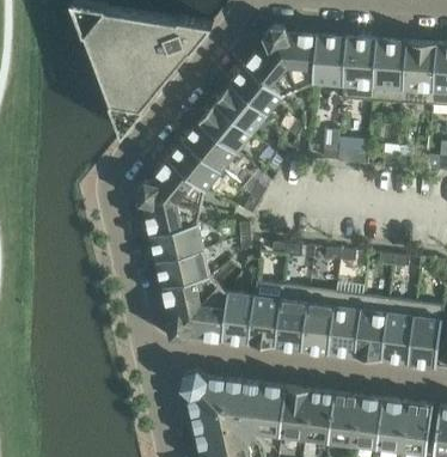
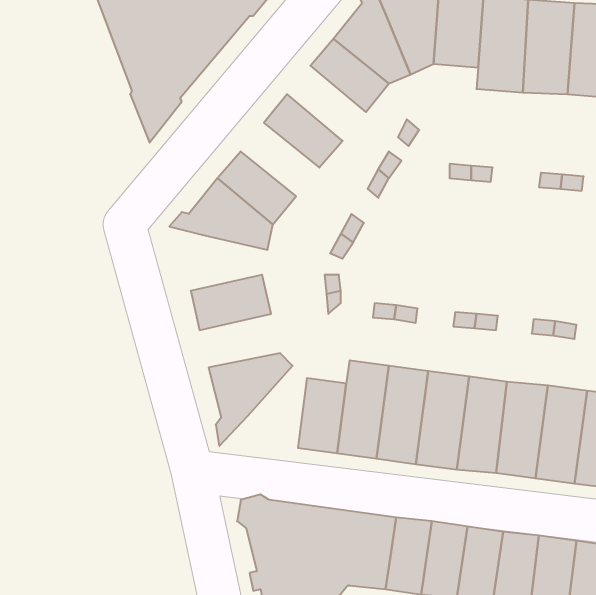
building: [214,83,267,133] -> none
building: [183,121,235,170] -> none
building: [135,190,201,233] -> none
building: [155,249,209,285] -> none
building: [169,284,227,339] -> none

